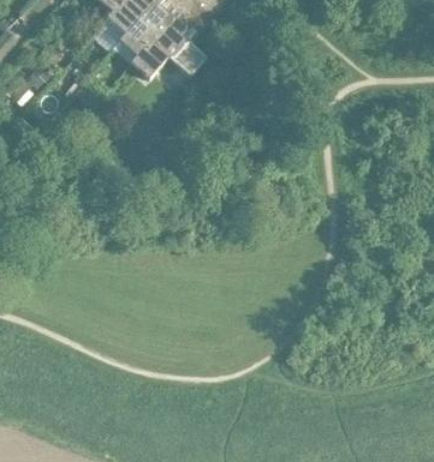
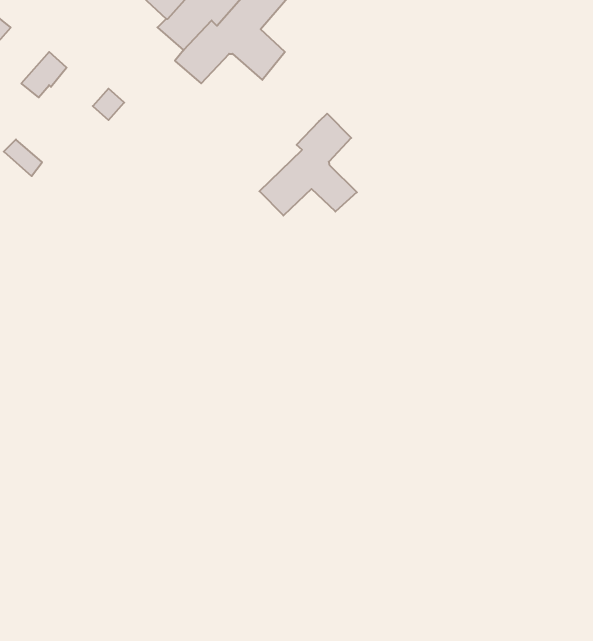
building: none -> [259,114,357,216]

